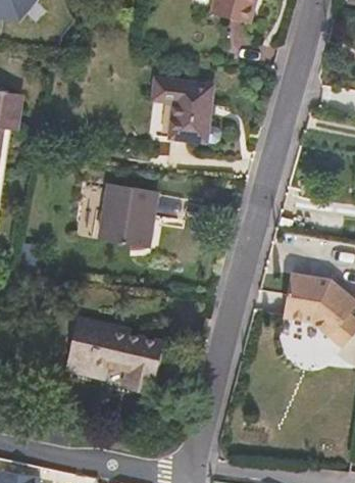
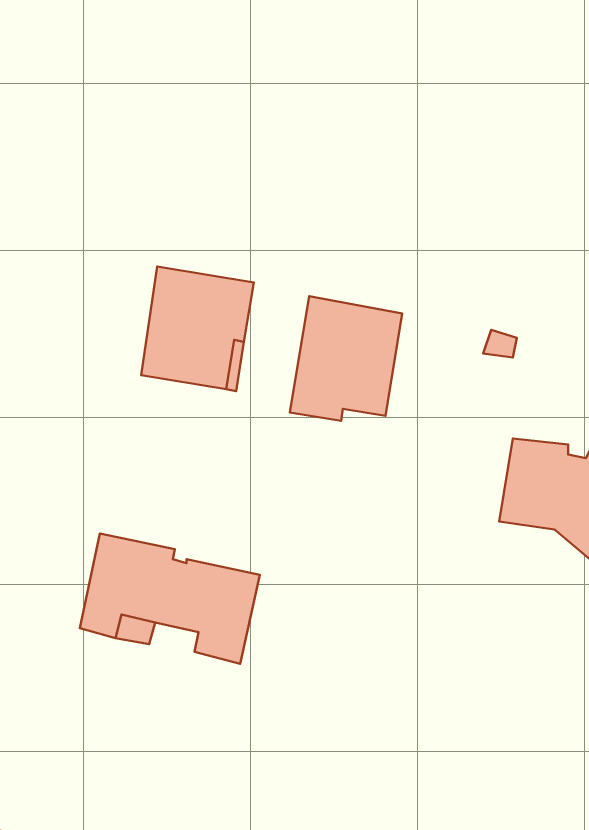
building: [152,78,220,142] -> none
building: none -> [290,296,402,421]

